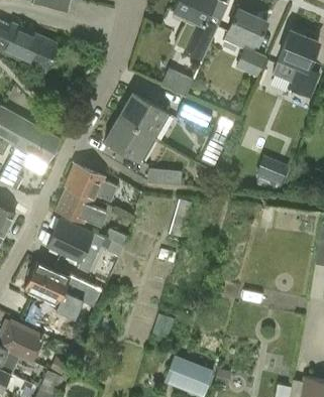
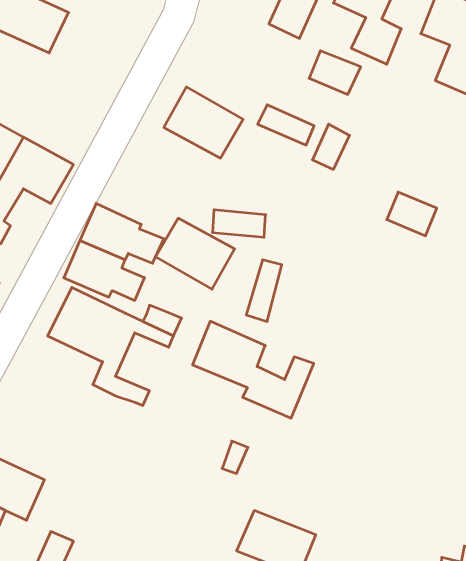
building: [161,68,194,95] -> [309,51,361,94]
building: [104,117,153,161] -> [155,218,235,289]
building: [24,262,100,322] -> [193,321,314,418]

